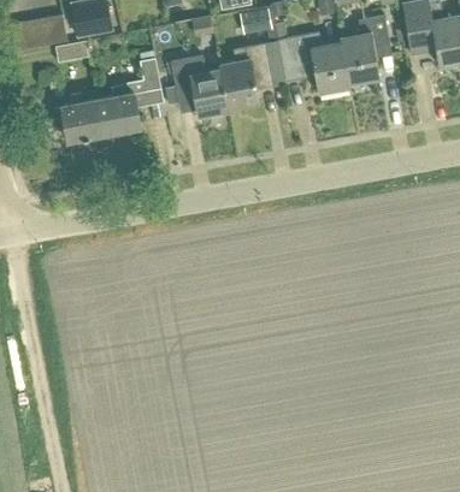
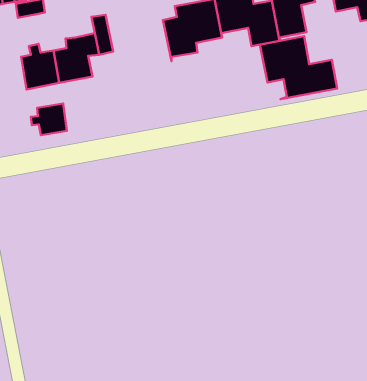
building: [171,55,229,117] -> none
building: none -> [260,36,337,99]
building: none -> [31,104,67,135]

